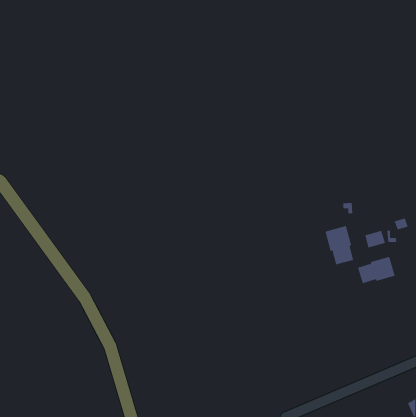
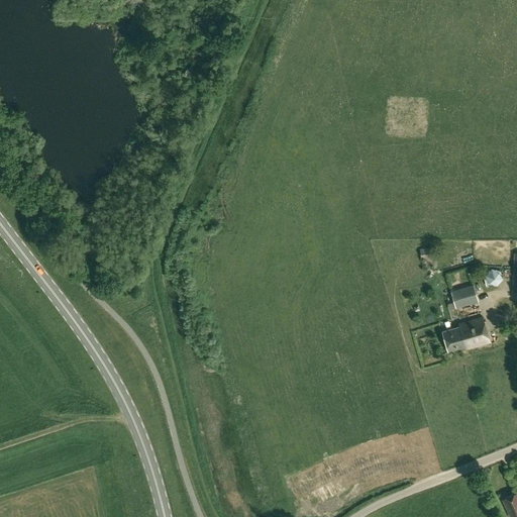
building: [325,225,354,265] -> none

